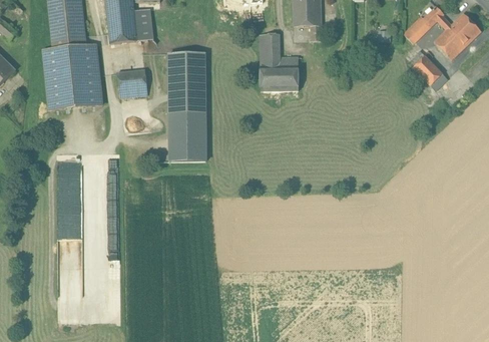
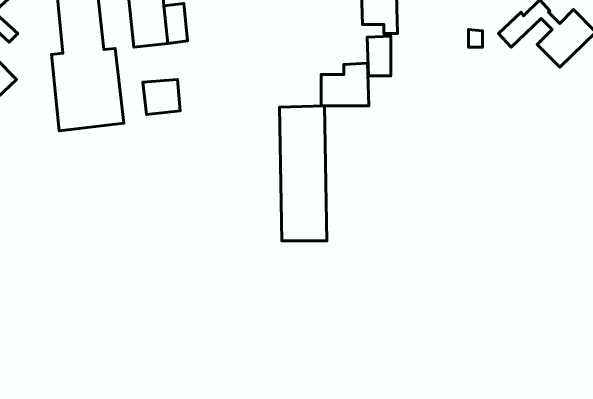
building: [260,33,279,65] -> [367,36,391,76]
building: [408,50,448,90] -> none
building: [168,52,206,160] -> [279,106,327,241]

